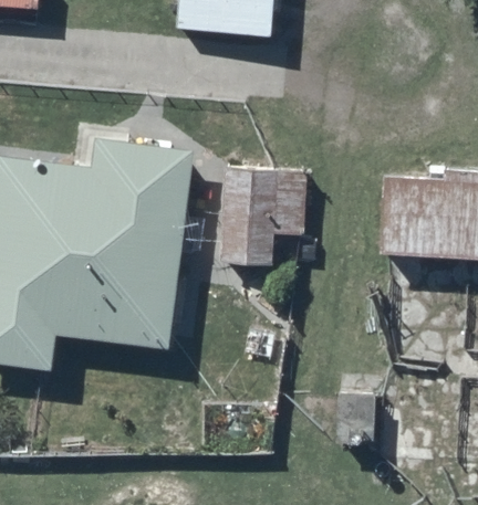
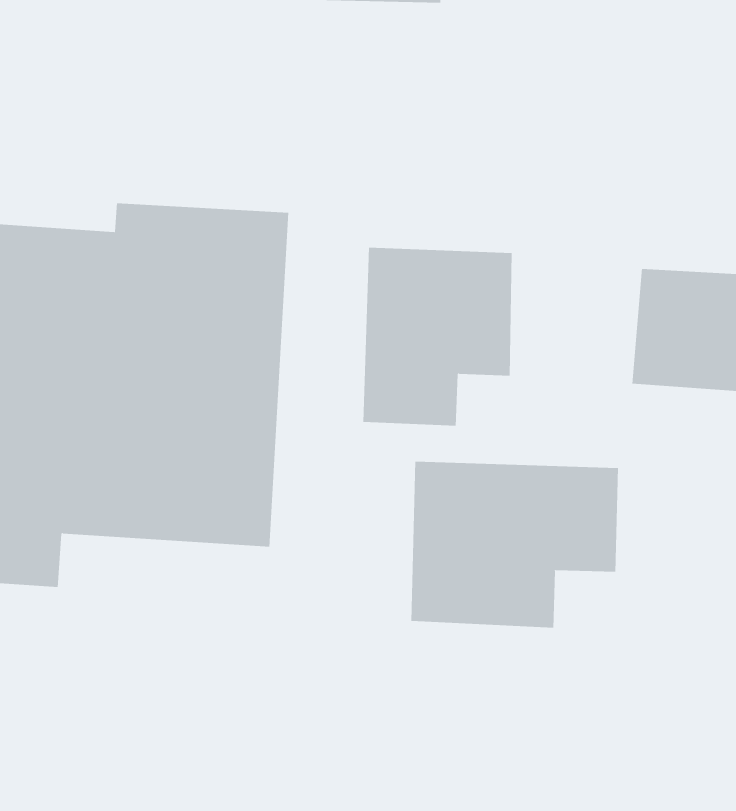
building: none -> [411,461,618,628]

